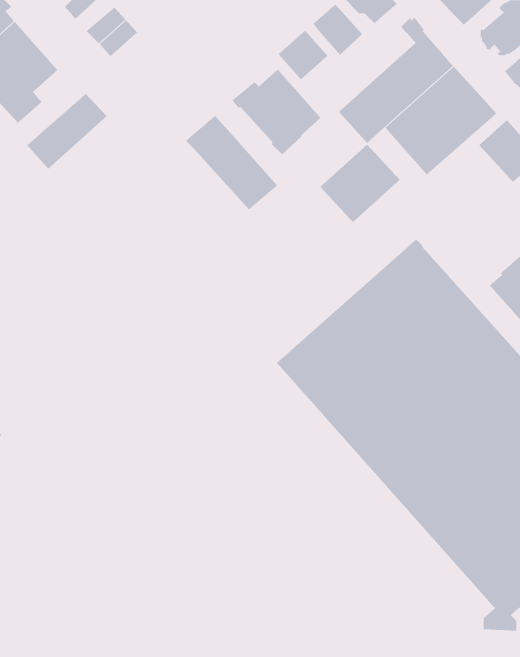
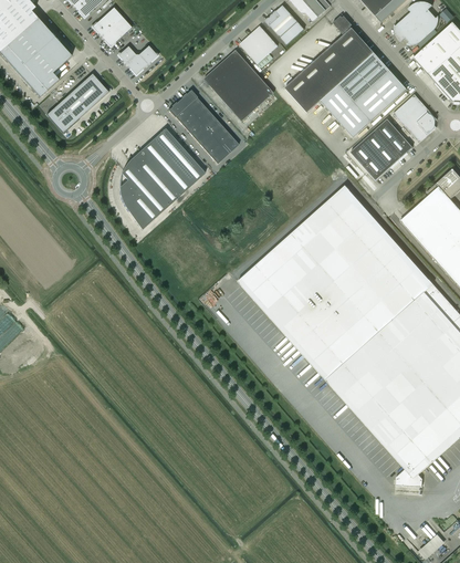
building: none -> [118,45,157,74]
building: [320,144,400,223] -> [351,118,412,179]
building: none -> [119,127,205,229]

